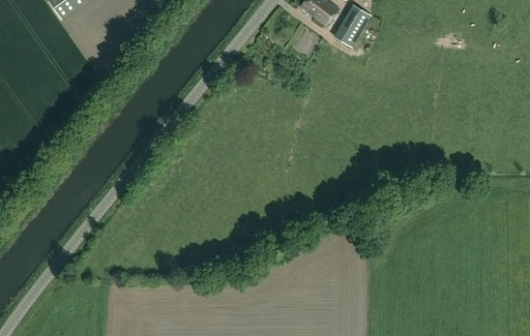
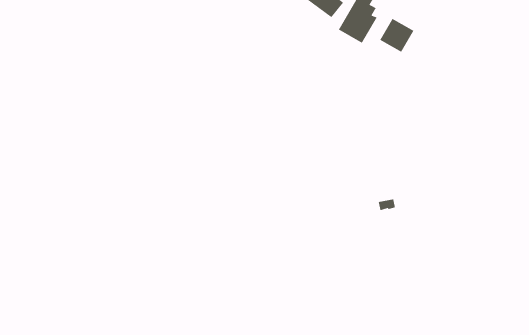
building: none -> [379,18,415,53]

